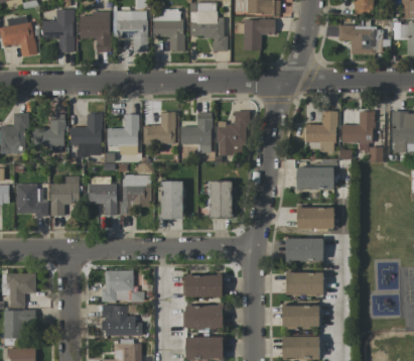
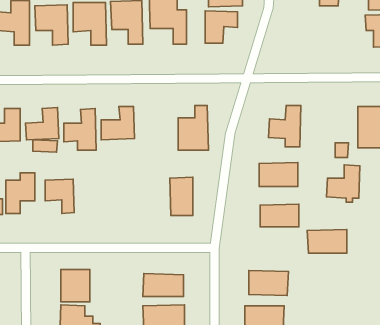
building: [338,28,382,54] -> none
building: [341,111,374,147] -> [327,165,360,202]
building: [180,113,212,153] -> none
building: [122,174,150,215] -> none
building: [159,180,183,219] -> none
building: [285,238,323,261] -> [307,229,347,253]

